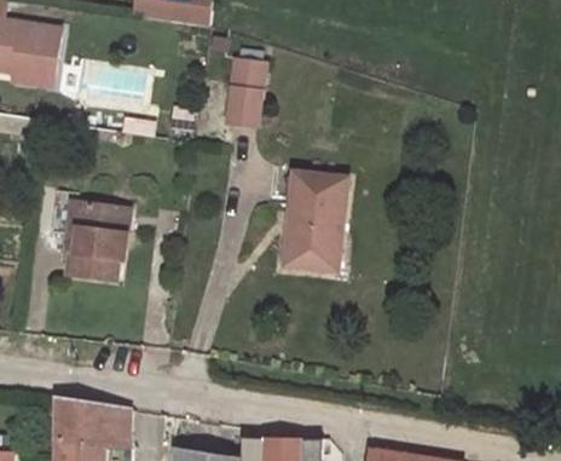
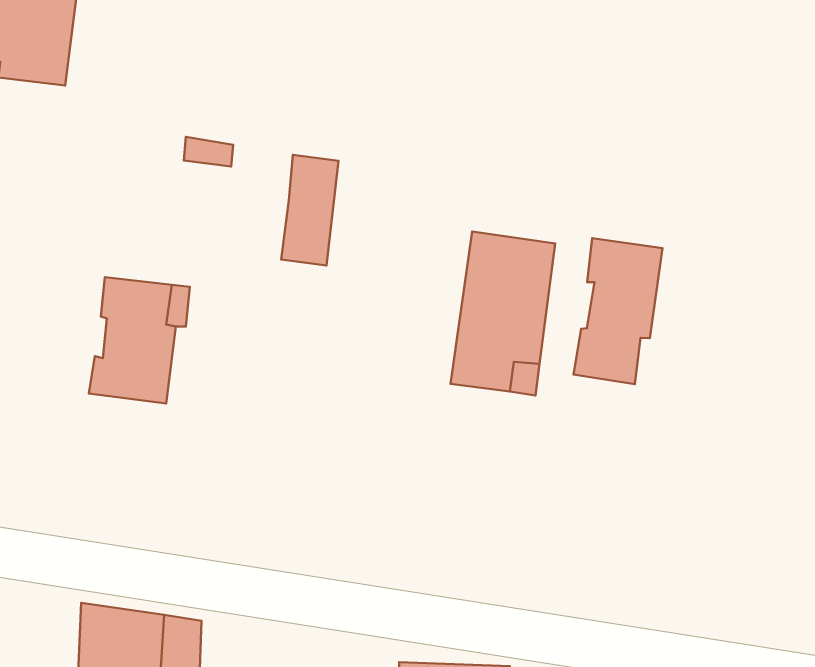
building: [230,62,265,129] -> [281,155,338,265]
building: none -> [574,238,663,384]

